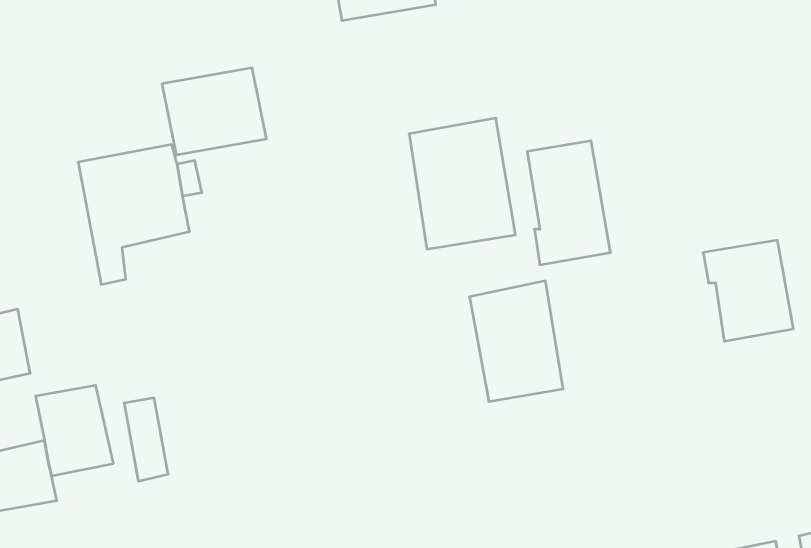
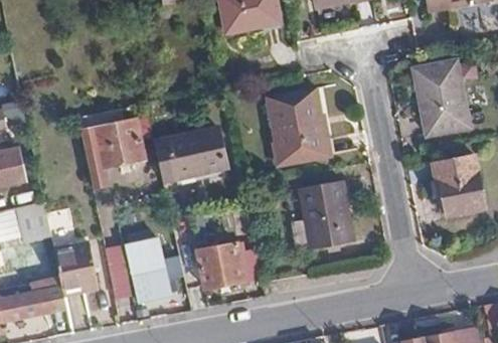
building: [162,68,266,155] -> [168,130,227,179]
building: [527,141,611,265] -> [423,65,470,136]
building: none -> [128,237,169,300]
building: none -> [197,241,246,288]

